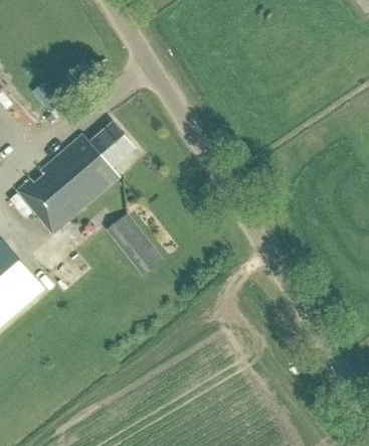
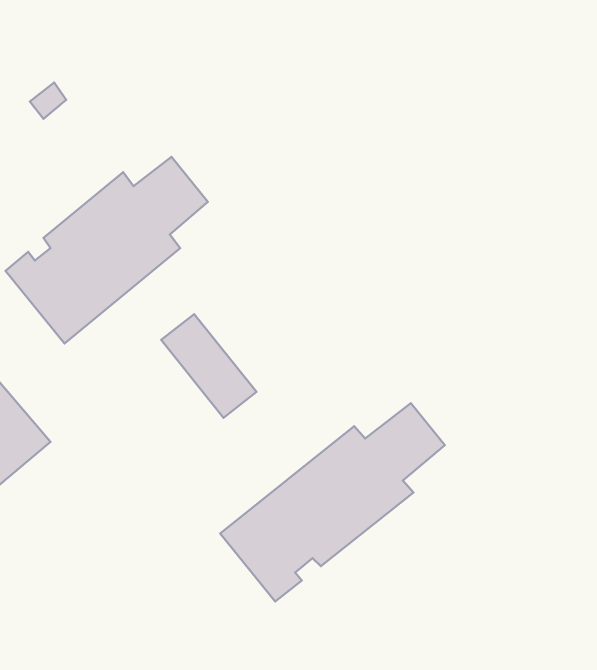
building: none -> [220,403,445,601]

